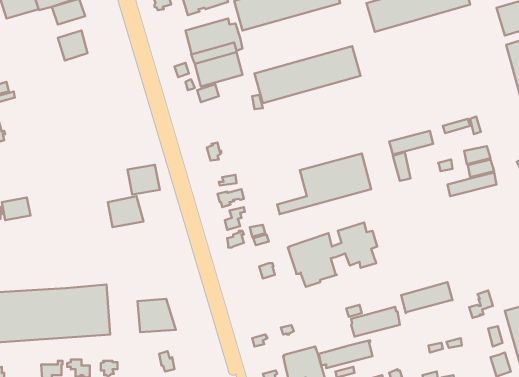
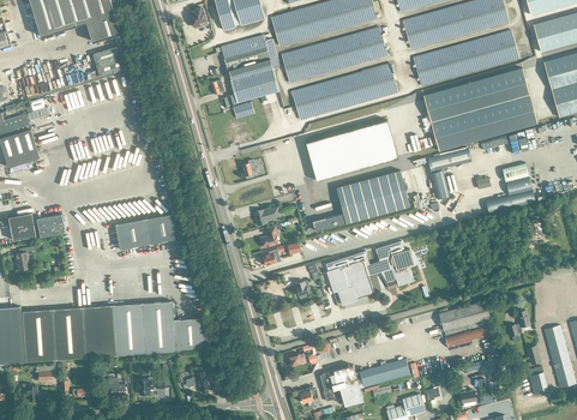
building: none -> [282,26,386,82]
building: none -> [411,29,518,86]
building: none -> [422,67,536,150]
building: none -> [305,120,397,180]
building: [128,165,160,195] -> [115,220,148,250]
building: none -> [142,300,175,353]
building: [351,307,400,337] -> [444,318,493,348]

